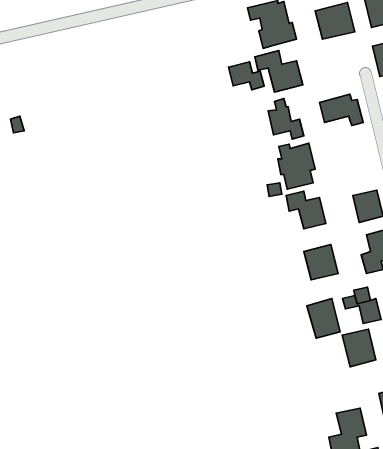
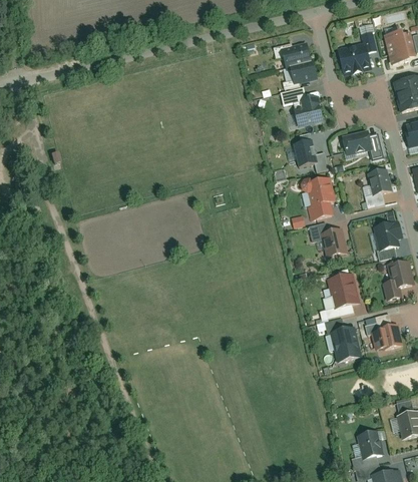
building: [228,62,264,90] -> none
building: none -> [363,168,393,206]
building: [342,329,376,367] -> none

